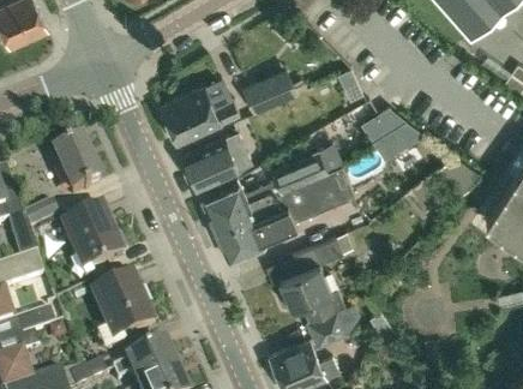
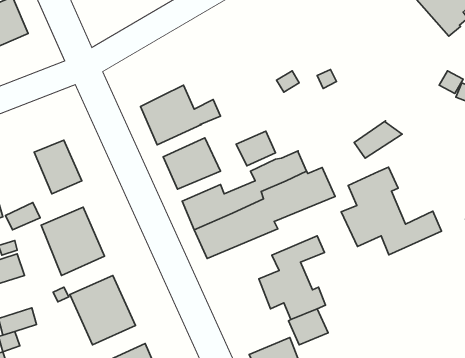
building: [244,78,283,113] -> [236,131,275,166]
building: [363,109,407,144] -> none
building: none -> [341,167,442,255]

